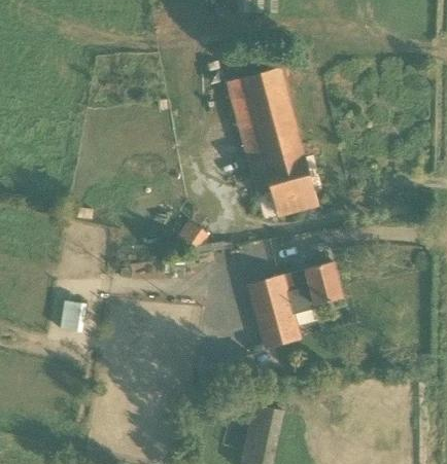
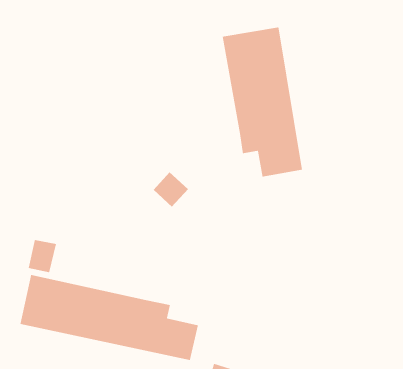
building: [249,260,343,347] -> none
building: none -> [20,274,198,361]

